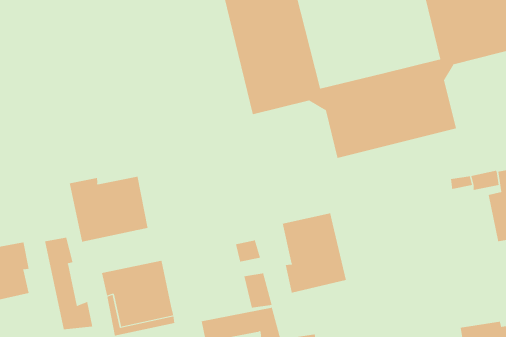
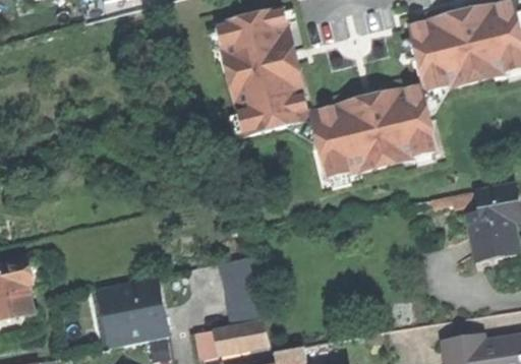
building: [69,176,148,242] -> none
building: [282,212,346,293] -> none
building: [44,237,93,330] -> none

